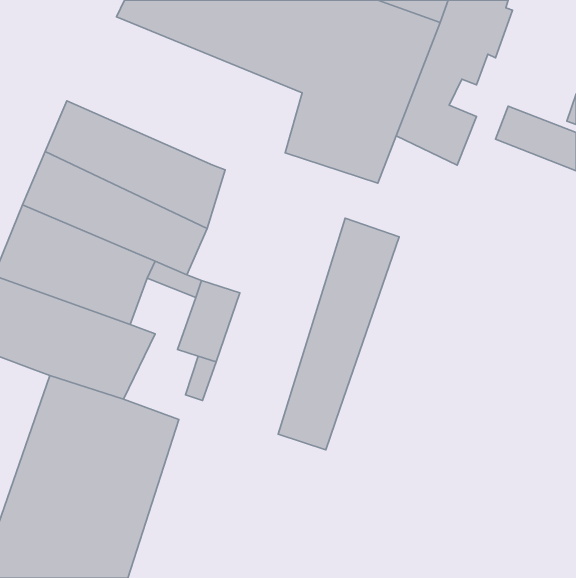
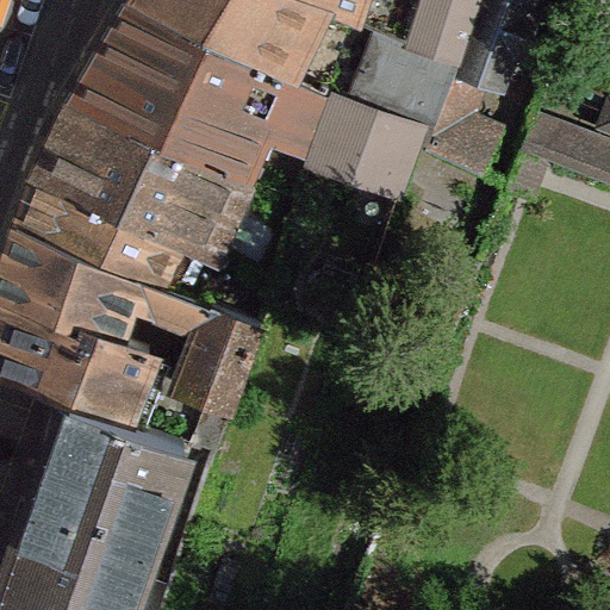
building: none -> [70,18,318,174]
building: [278,218,399,450] -> none

